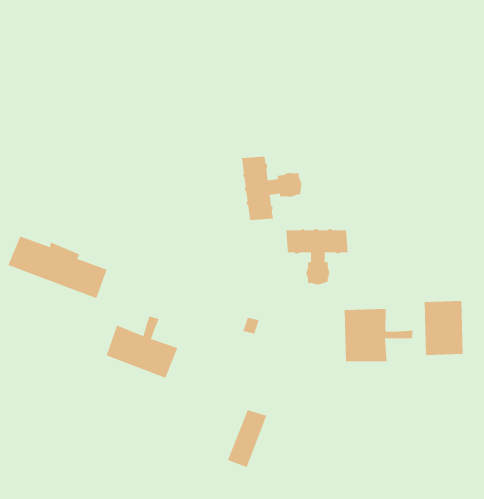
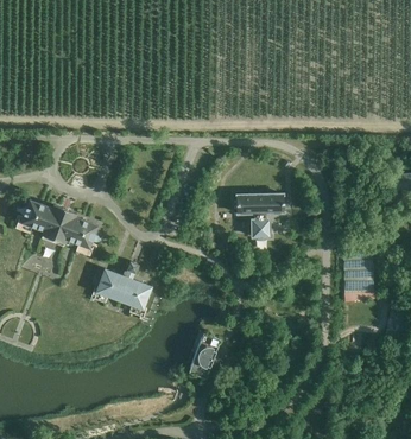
building: [241,156,302,221] -> none
building: [344,308,413,362] -> none

